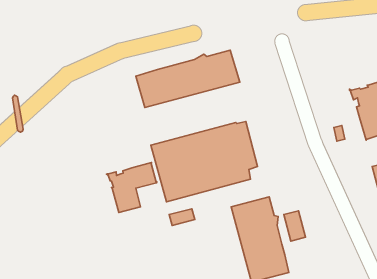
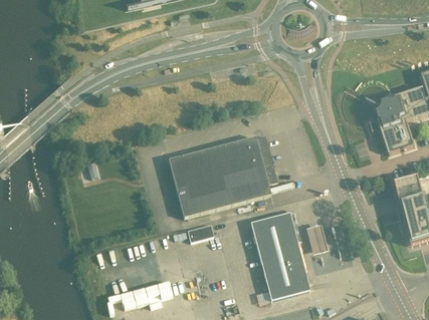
building: [136,50,240,108] -> none
building: [107,162,157,213] -> none

